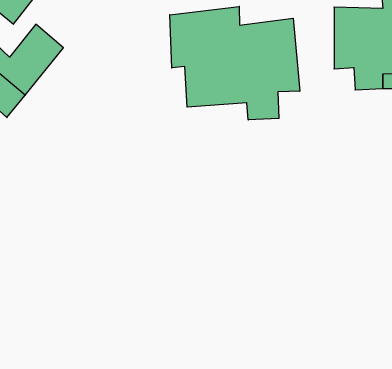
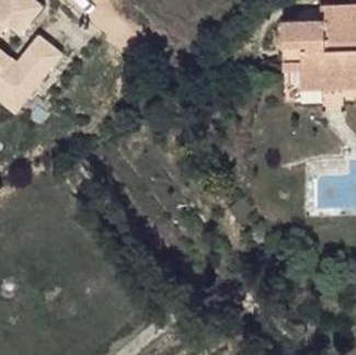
building: [170,6,300,120] -> none

